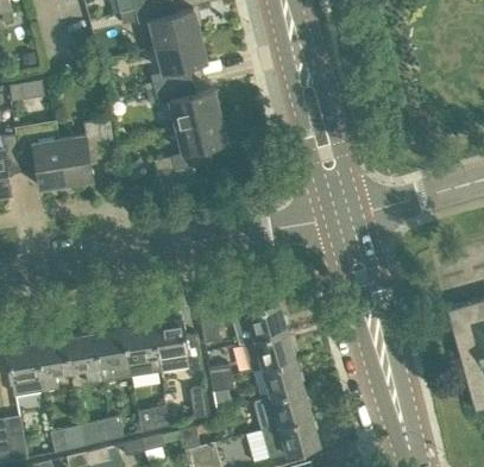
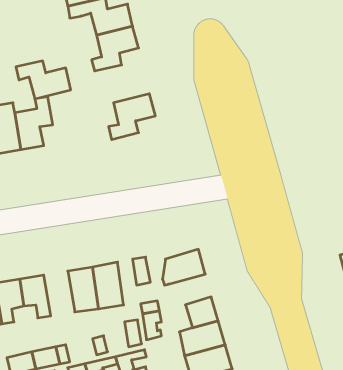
building: [155,83,220,128] -> [16,61,71,99]
building: [94,329,131,383] -> none
building: [243,333,294,372] -> none

